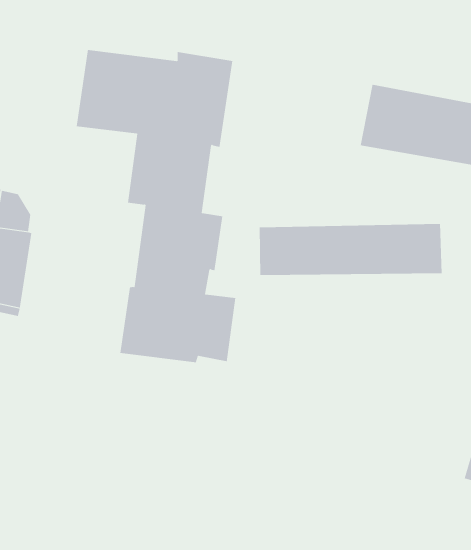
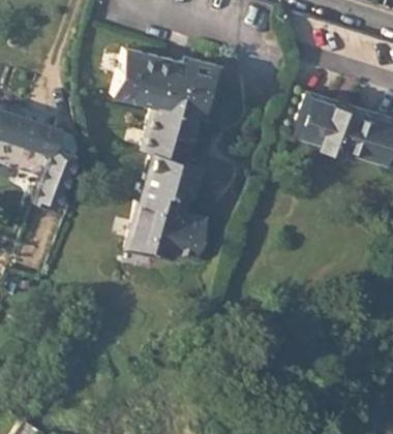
building: [259,223,442,276] -> none

